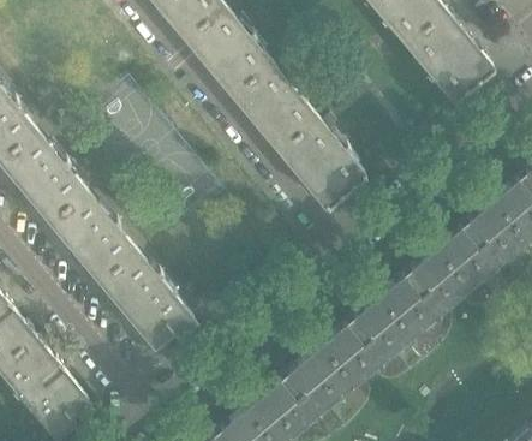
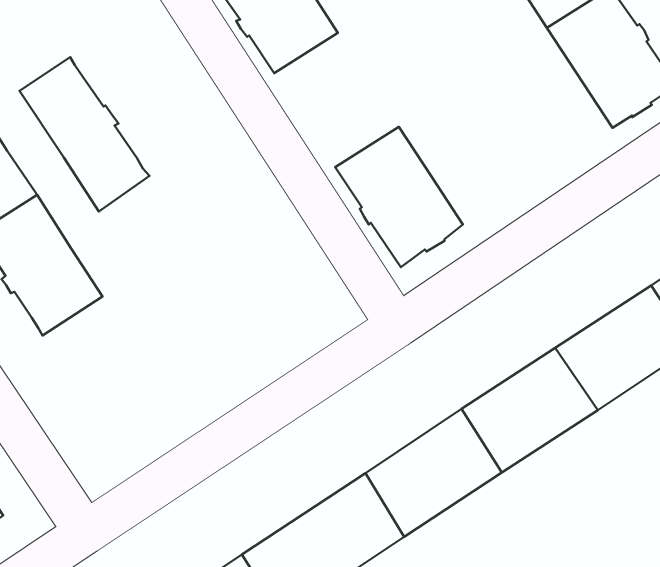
building: [232,62,317,150] -> none
building: none -> [20,57,150,211]
building: [101,252,196,346] -> none

